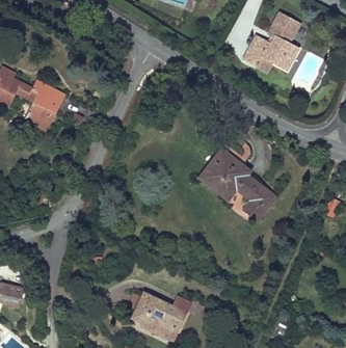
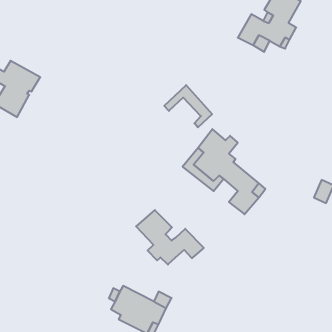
building: none -> [164,85,212,127]
building: none -> [136,210,204,265]

